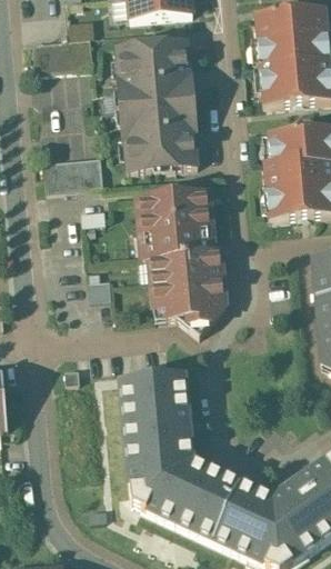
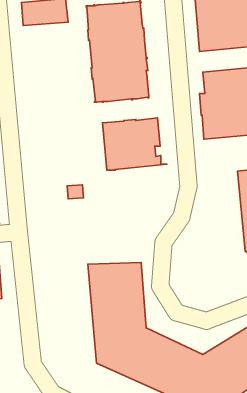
building: [43,154,103,190] -> none
building: [152,250,225,335] -> none

